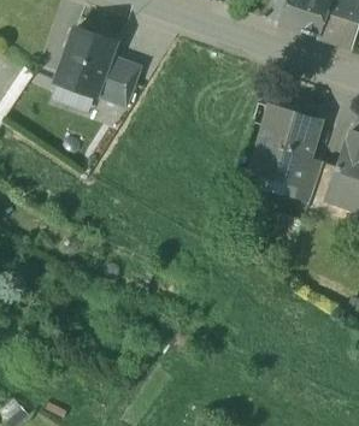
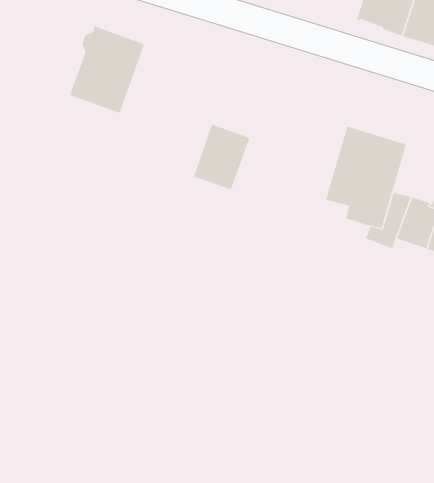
building: [95,54,140,106] -> [193,124,250,190]

